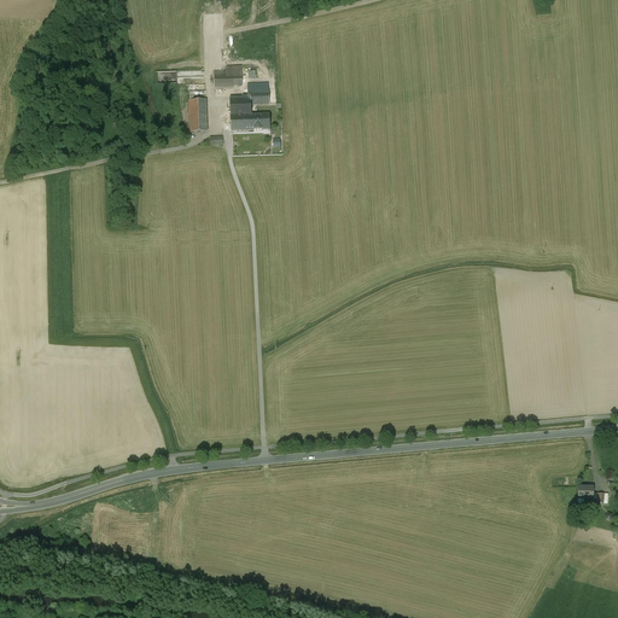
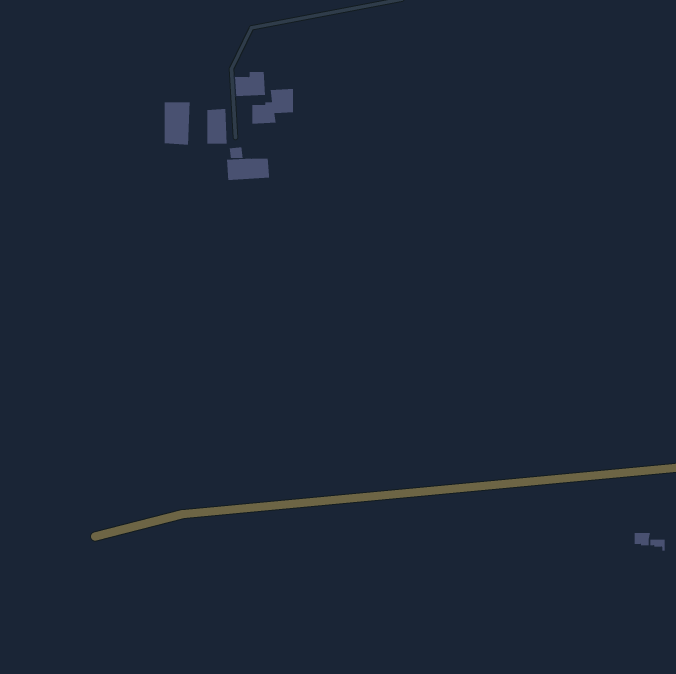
building: none -> [164,101,190,146]
building: [229,112,269,133] -> [226,158,270,181]

